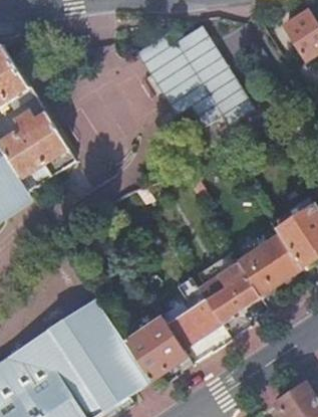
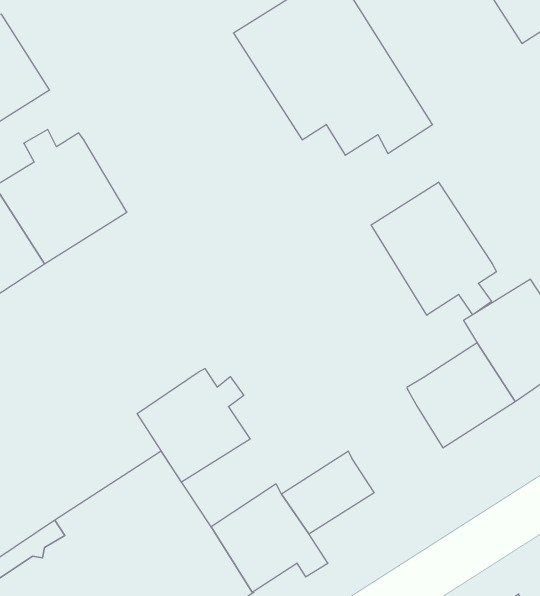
building: none -> [371,182,496,315]
building: none -> [137,369,250,482]
building: [204,264,260,326] -> none

